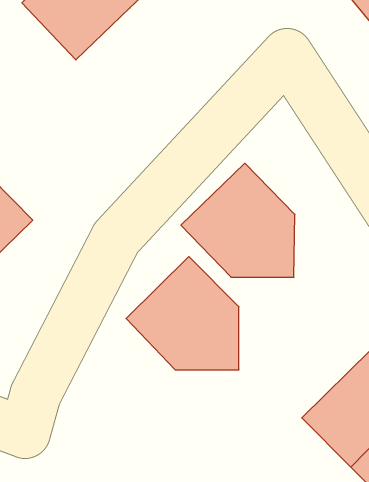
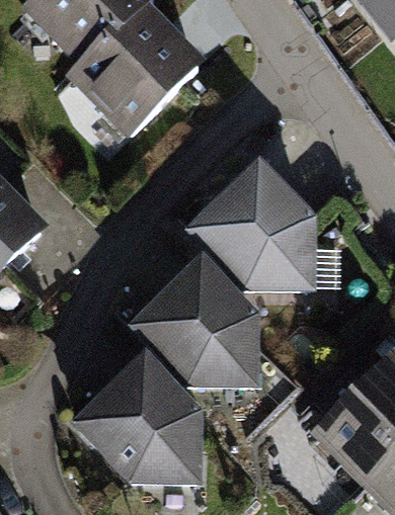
building: none -> [73,9,196,132]
building: none -> [78,360,196,479]

